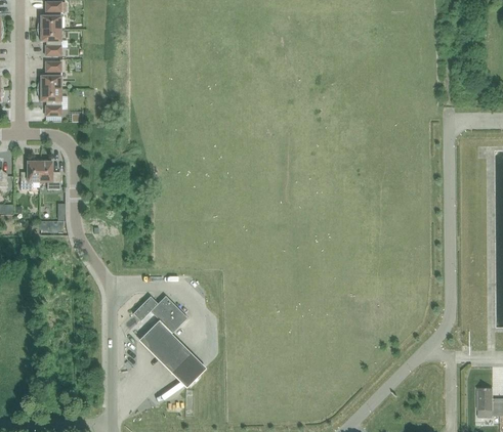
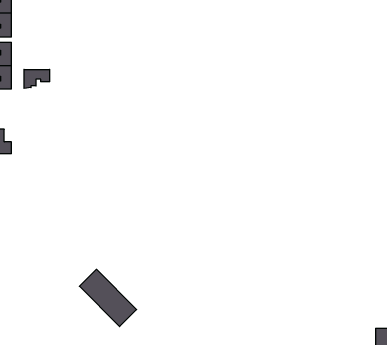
building: none -> [24,69,50,88]
building: [132,295,186,333] -> none

